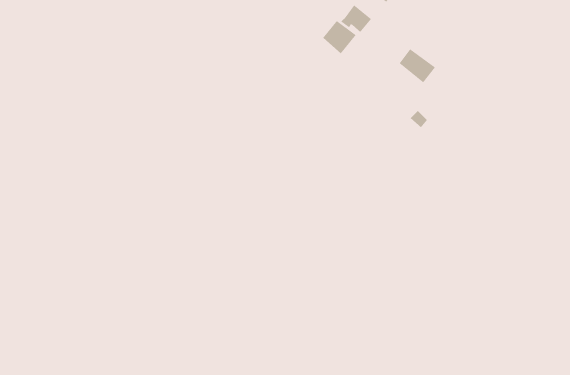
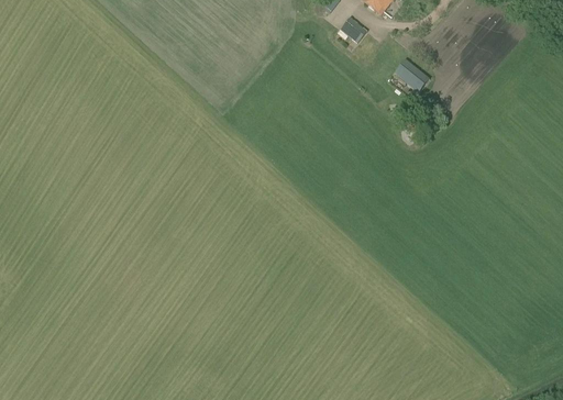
building: [322,20,356,54] -> none

